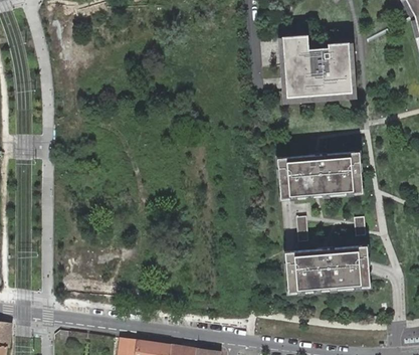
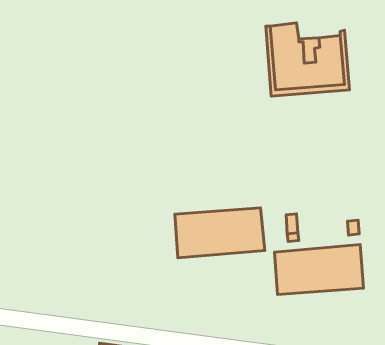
building: [277,151,363,198] -> [175,208,265,258]

